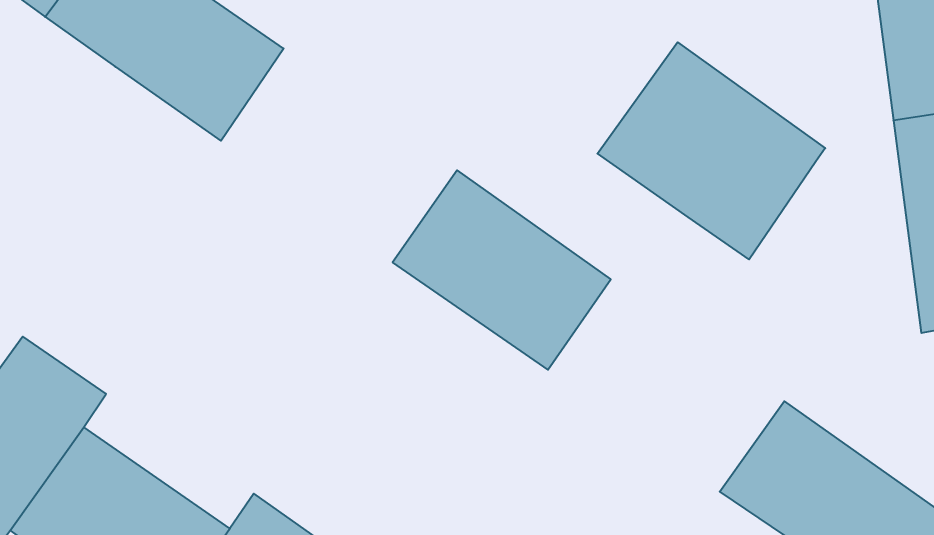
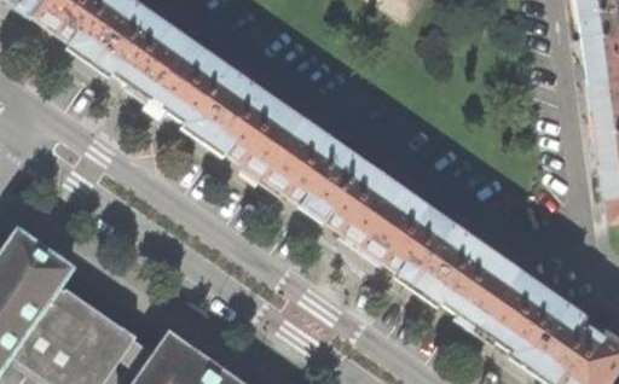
building: [597,42,825,259] -> none
building: none -> [150,40,305,180]
building: none -> [364,191,519,330]

